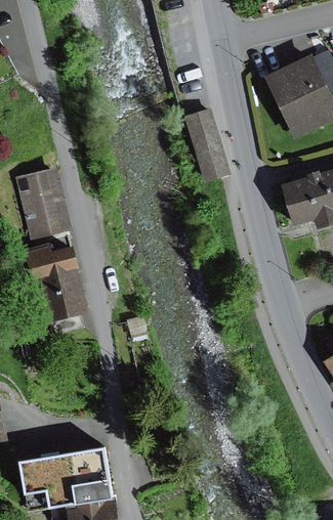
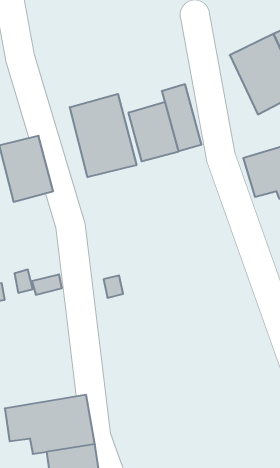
building: none -> [70,94,136,177]
building: none -> [129,102,178,161]
building: [25,242,89,317] -> none

